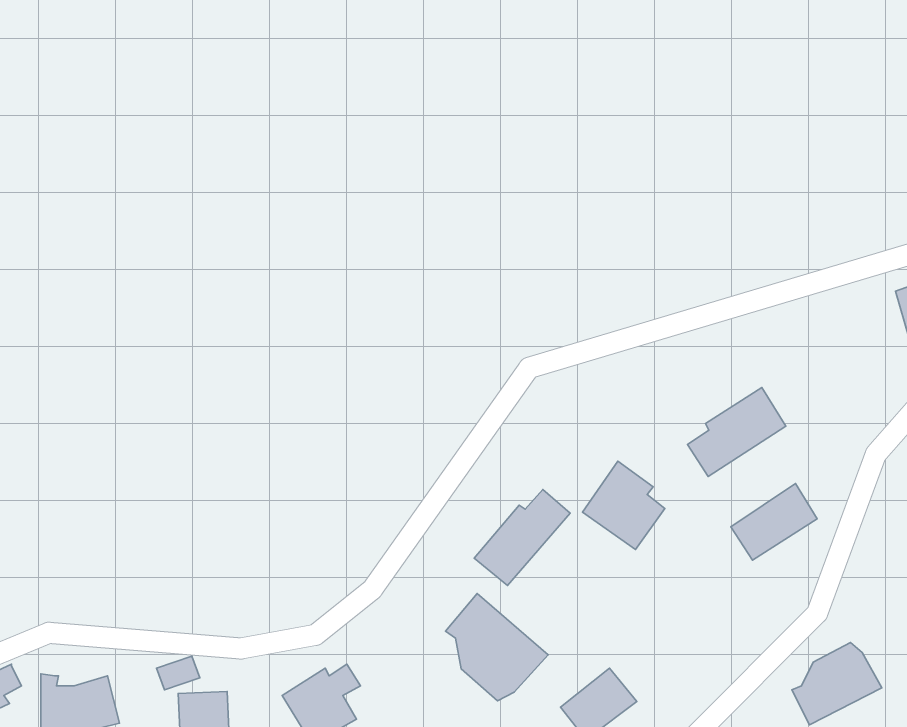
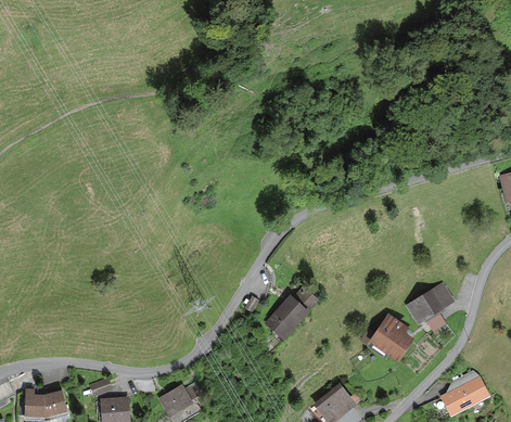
building: [688,387,786,477] -> none
building: [583,461,665,550] -> [369,314,414,362]
building: [445,593,548,701] -> none

